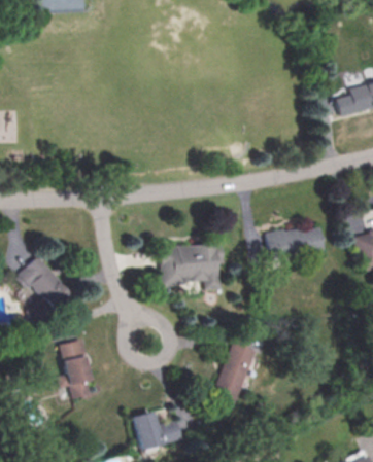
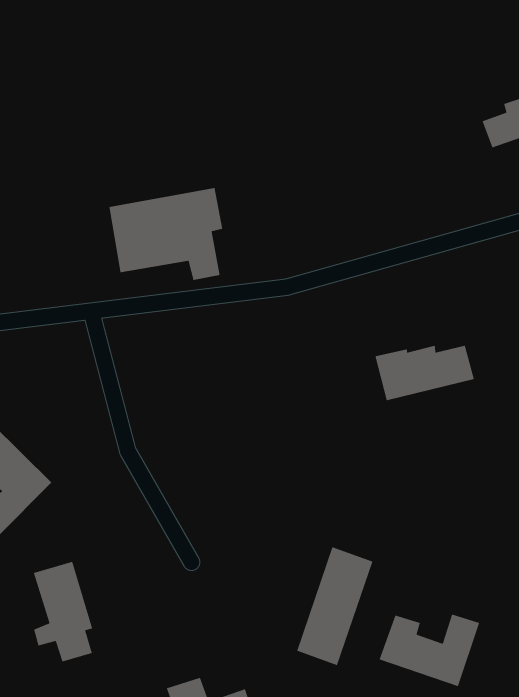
building: [160,239,226,292] -> [108,187,223,281]
building: none -> [378,613,480,687]

